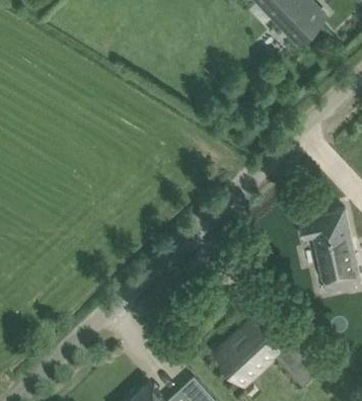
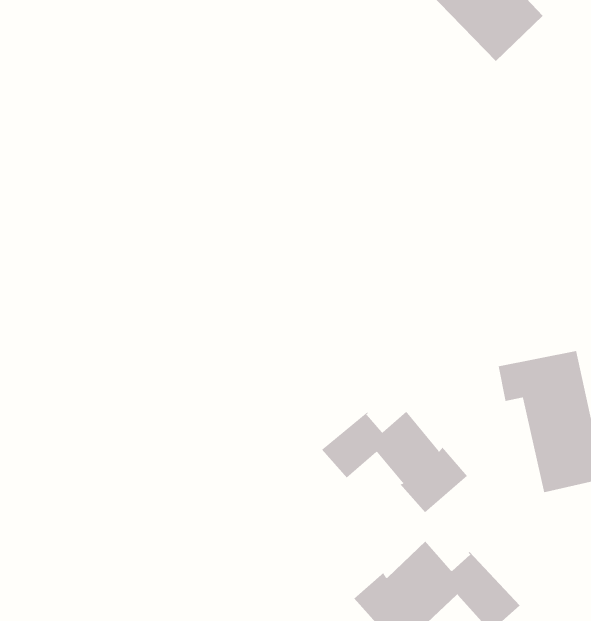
building: none -> [321,411,468,513]

